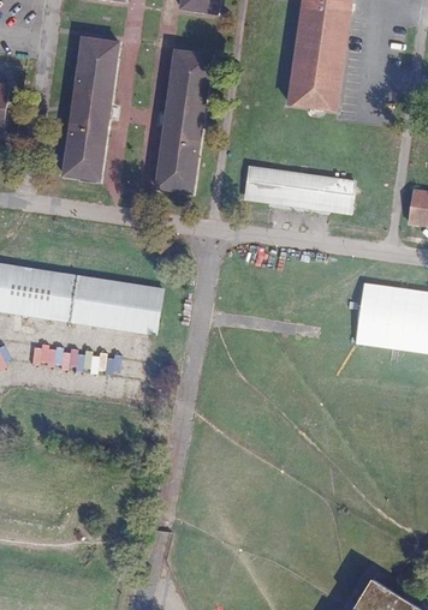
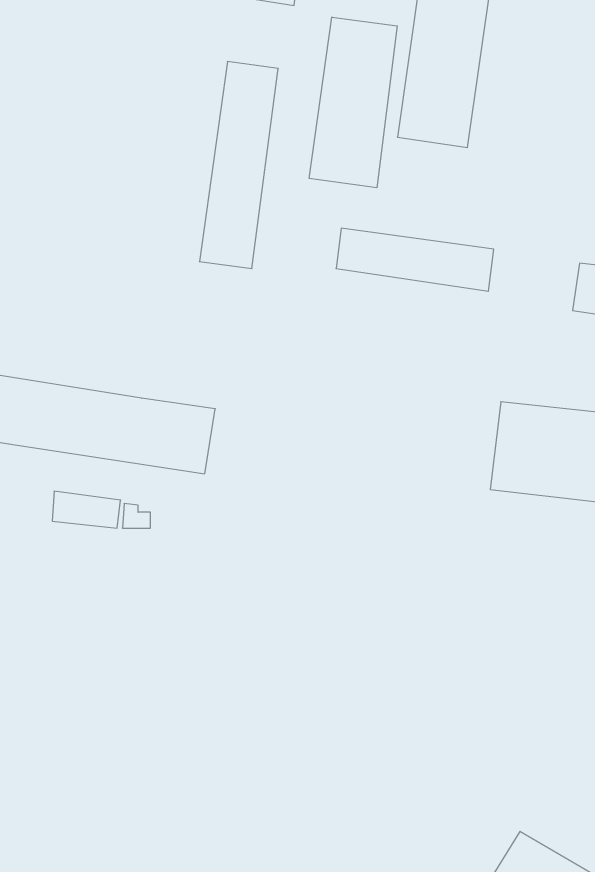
building: none -> [309,17,397,188]
building: [63,37,118,180] -> none

